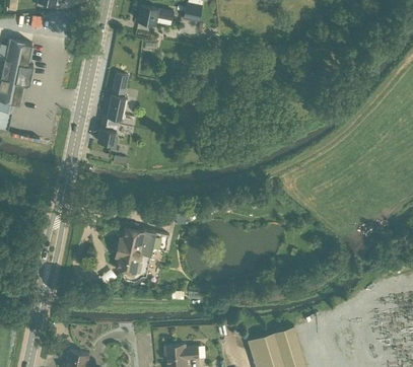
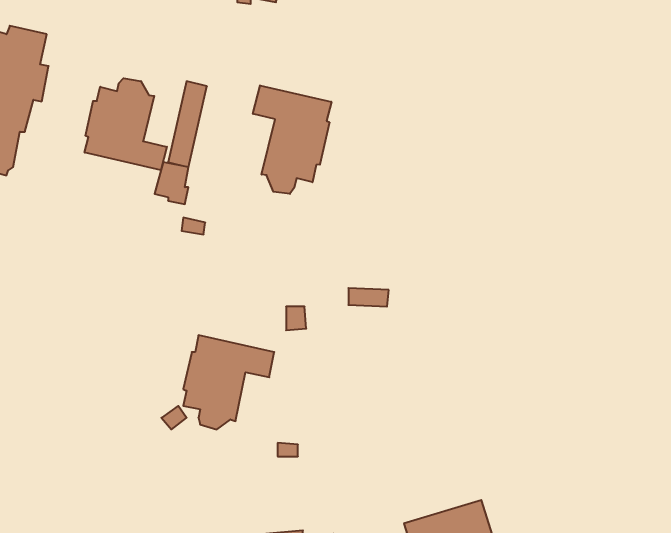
building: none -> [85,78,167,170]
building: none -> [253,85,331,194]

